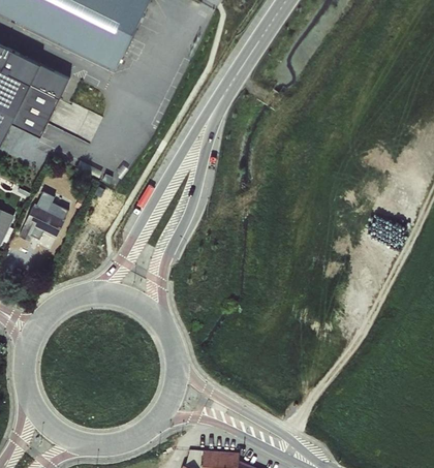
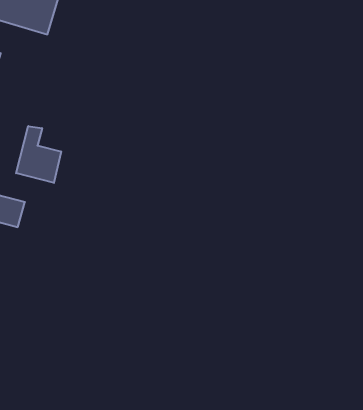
building: none -> [16,126,61,183]

